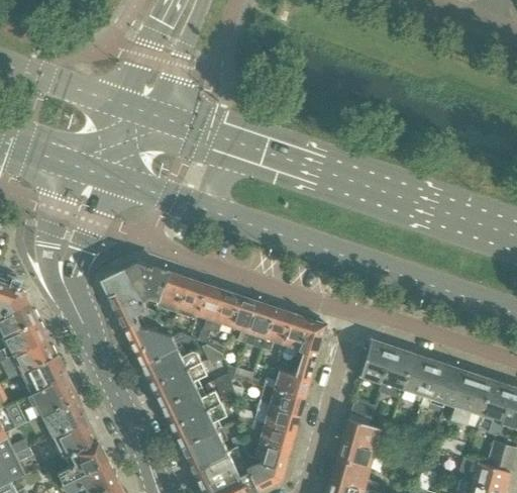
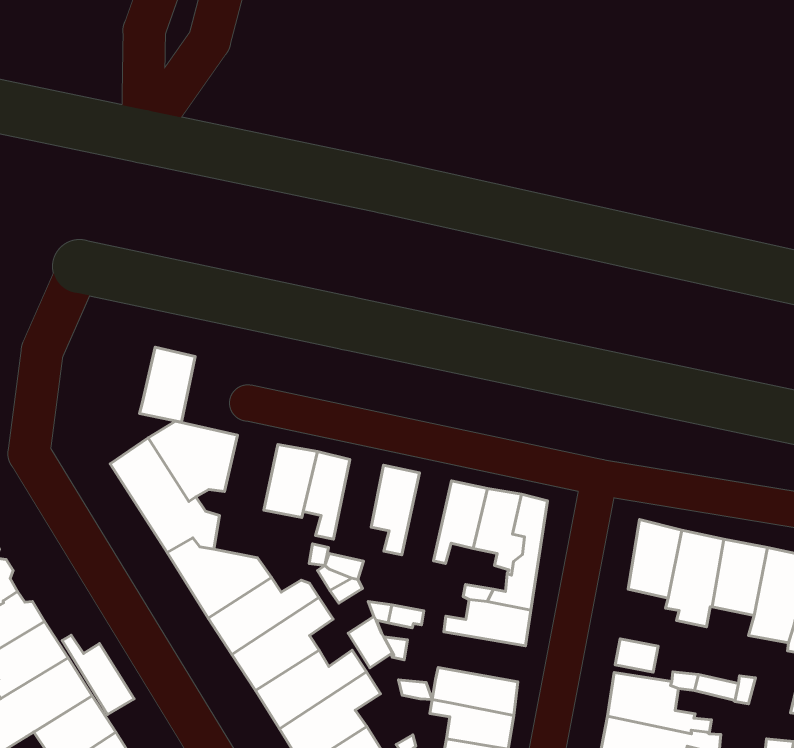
building: [157,272,189,312] -> [139,347,195,422]
building: [212,291,242,333] -> none
building: [246,302,277,349] -> none
building: none -> [62,635,134,715]
building: [258,386,305,416] -> none

